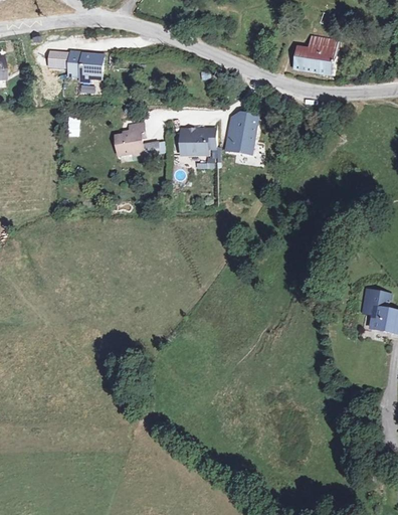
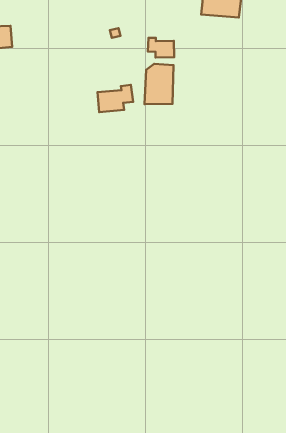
building: none -> [148,38,174,57]
building: [117,125,143,153] -> none

